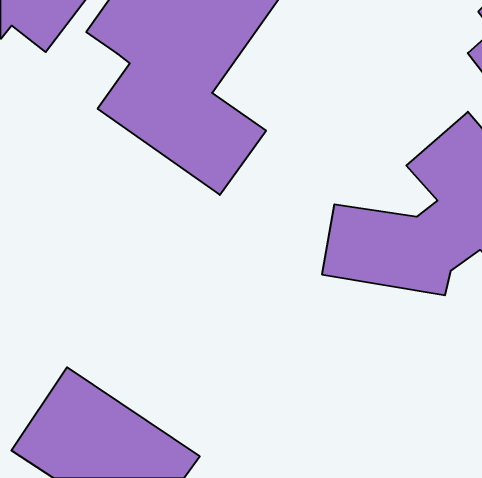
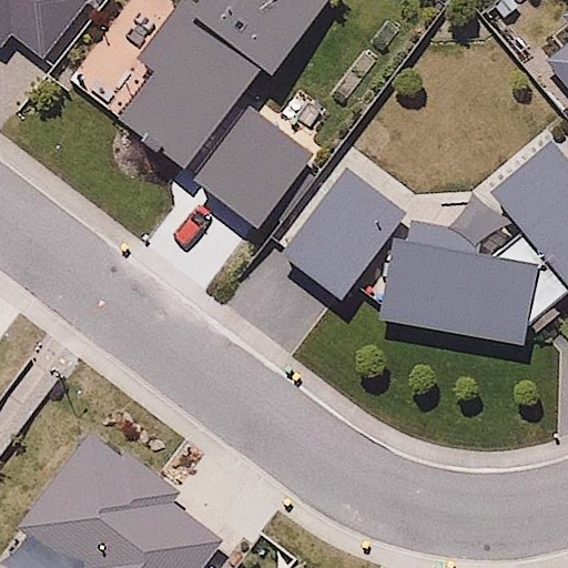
building: none -> [278,168,408,300]

